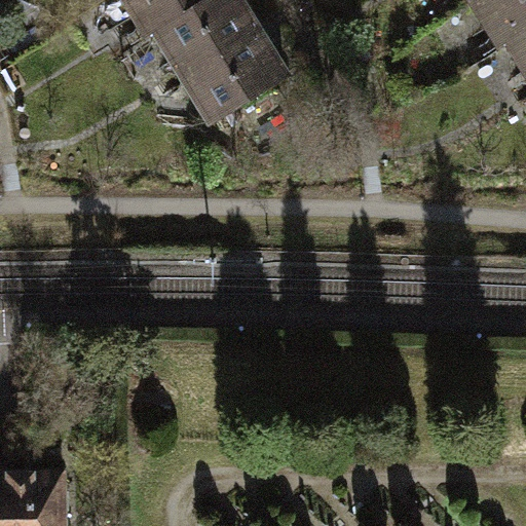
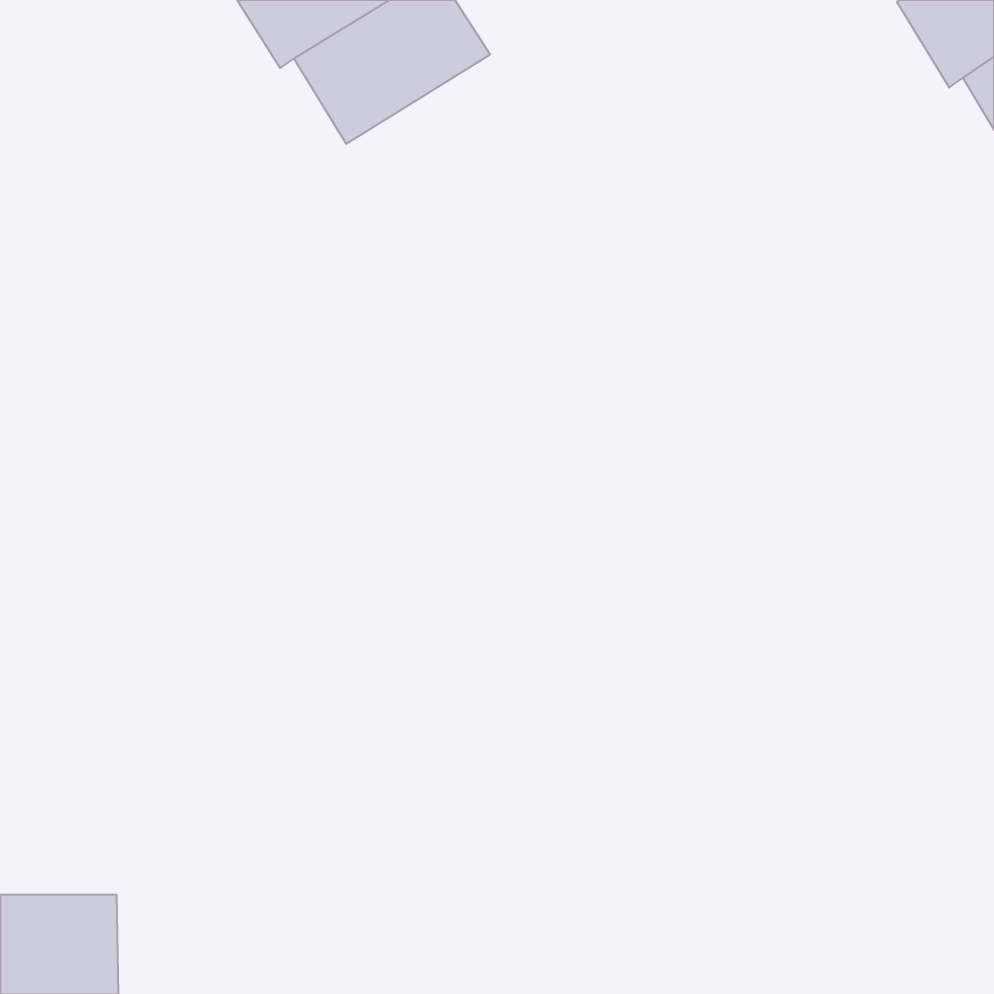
building: [183,29,288,122] -> none

